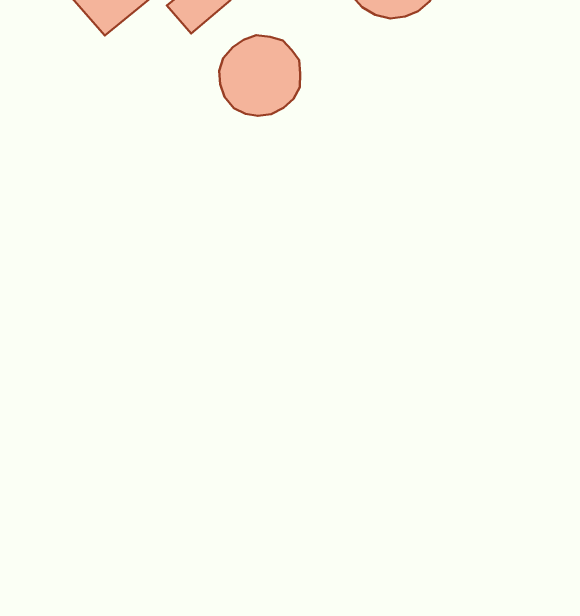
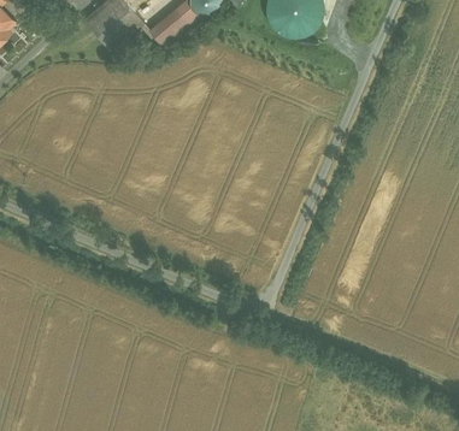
building: [219,35,300,116] -> none

